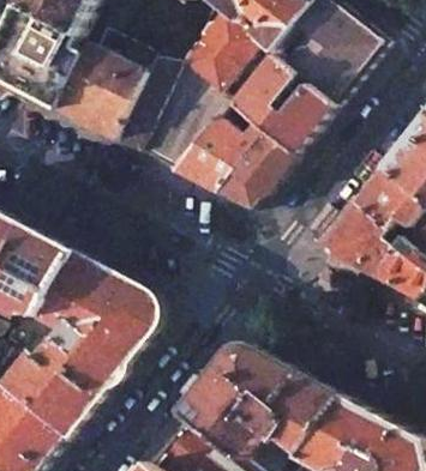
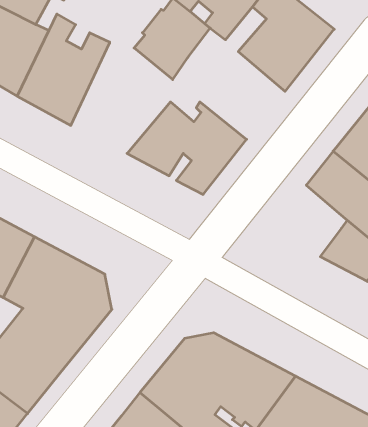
building: [107,55,221,168] -> none
building: [228,55,326,153] -> none
building: [311,200,384,273] -> none

